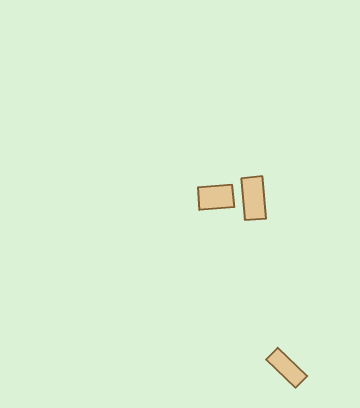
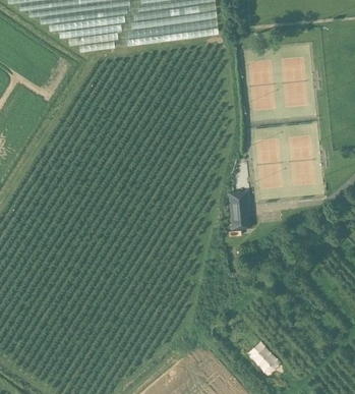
building: [198,185,234,210] -> none

